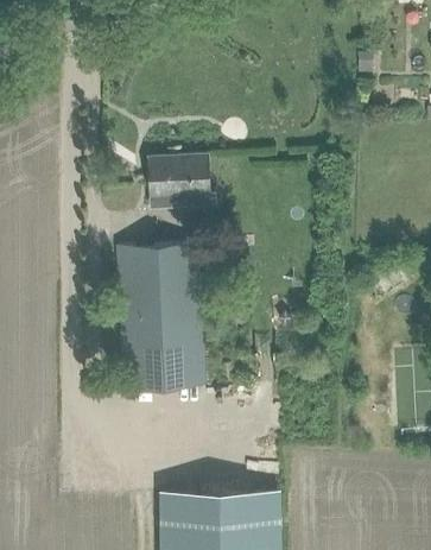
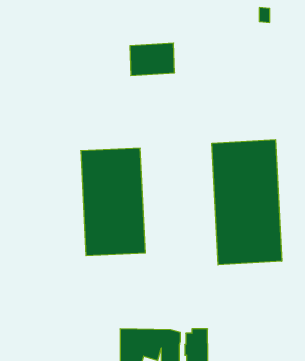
building: [147,154,208,198] -> [130,43,175,75]
building: none -> [212,140,282,265]

